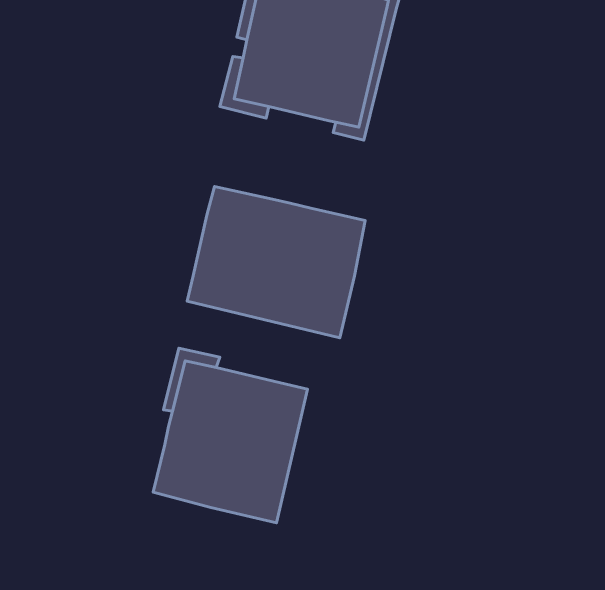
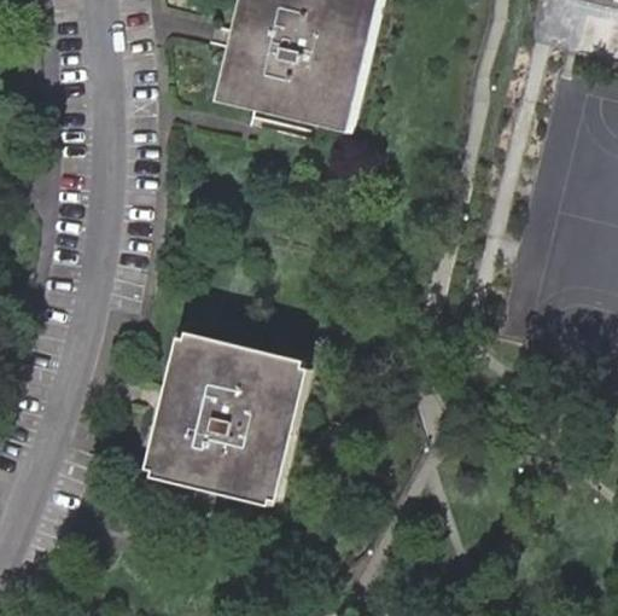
building: [187,186,365,338] -> none
building: none -> [139,355,307,506]

